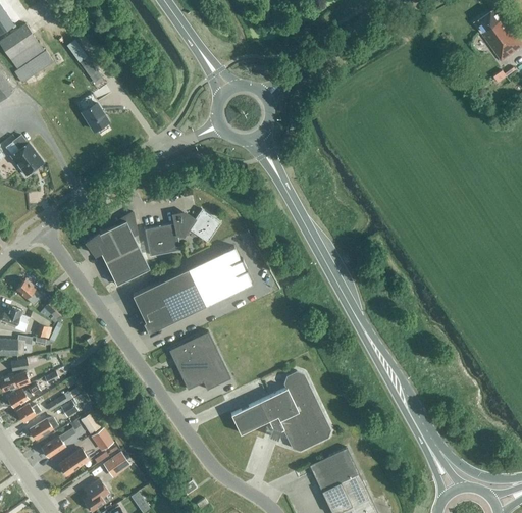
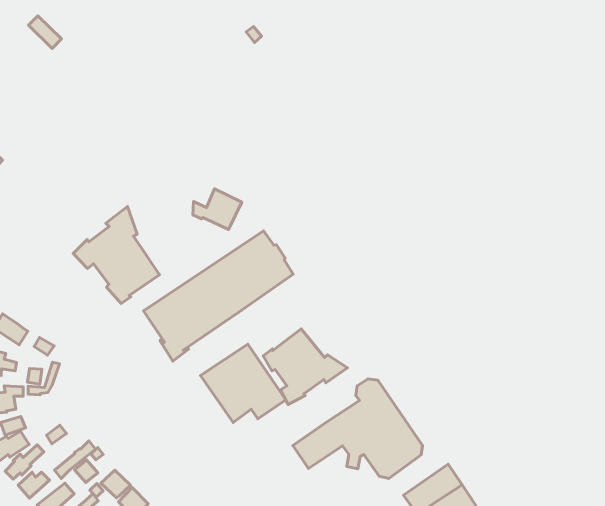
building: [82,102,108,131] -> none
building: [145,216,188,256] -> none
building: none -> [263,329,348,405]

